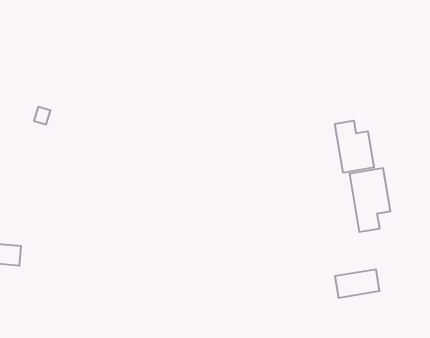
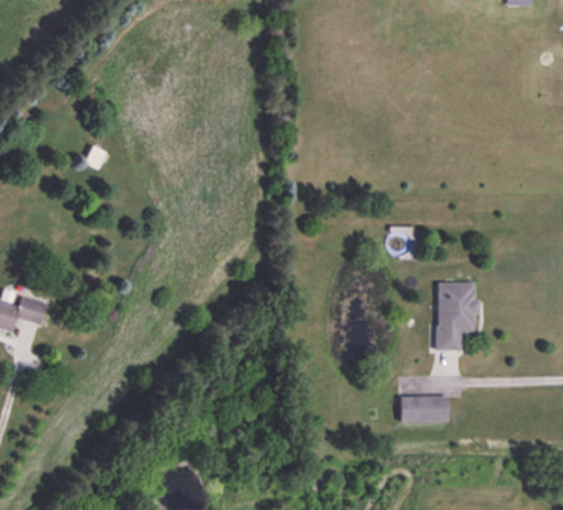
building: [335,121,374,173] -> none

